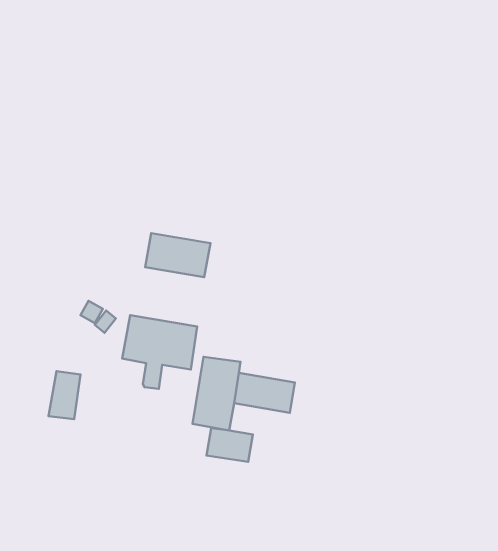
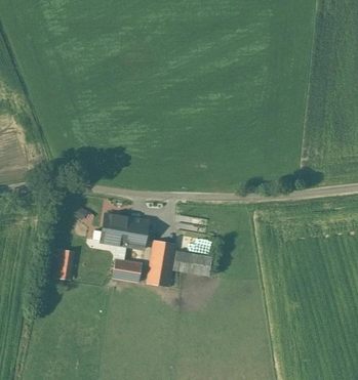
building: [145,233,210,277] -> none
building: [206,428,253,462] -> [112,259,142,281]

